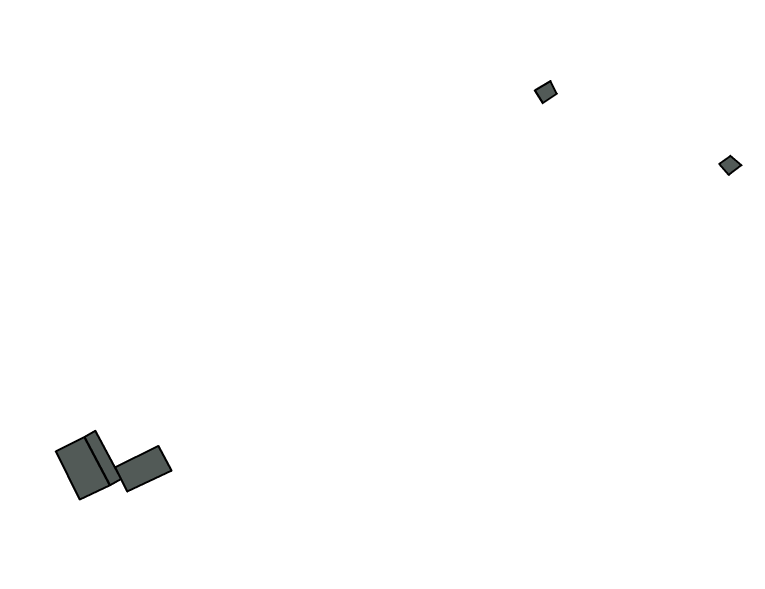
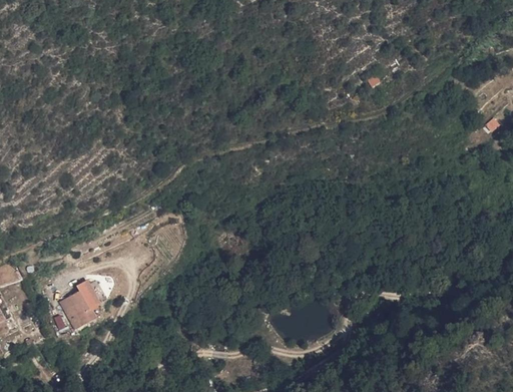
building: [115,446,171,492] -> none

